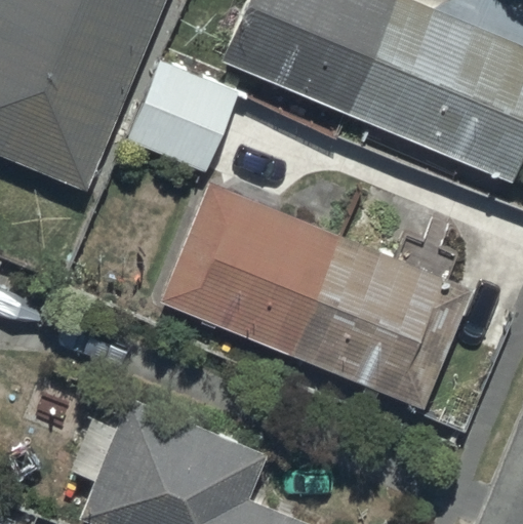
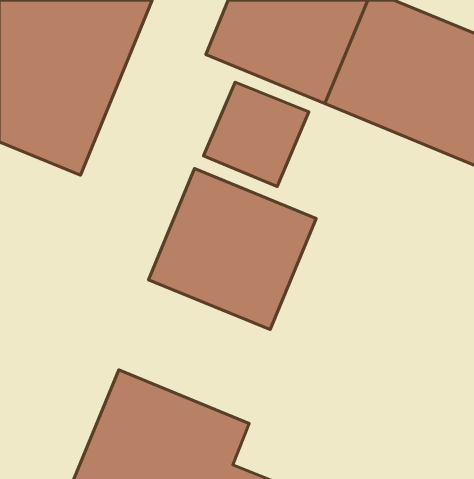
building: [126,61,239,172] -> [203,82,309,186]
building: [290,236,473,409] -> none

